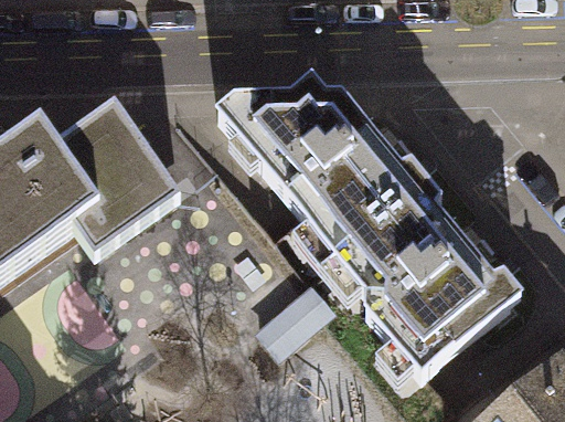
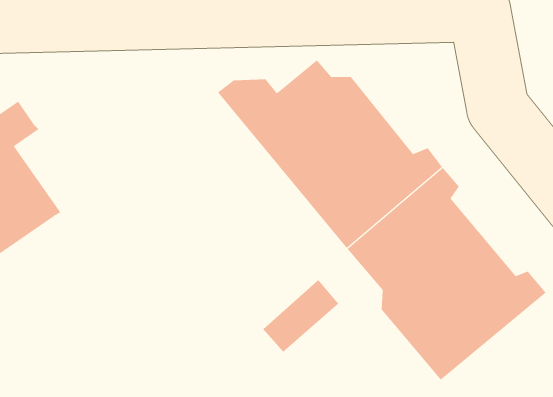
building: [36,98,180,252] -> none

